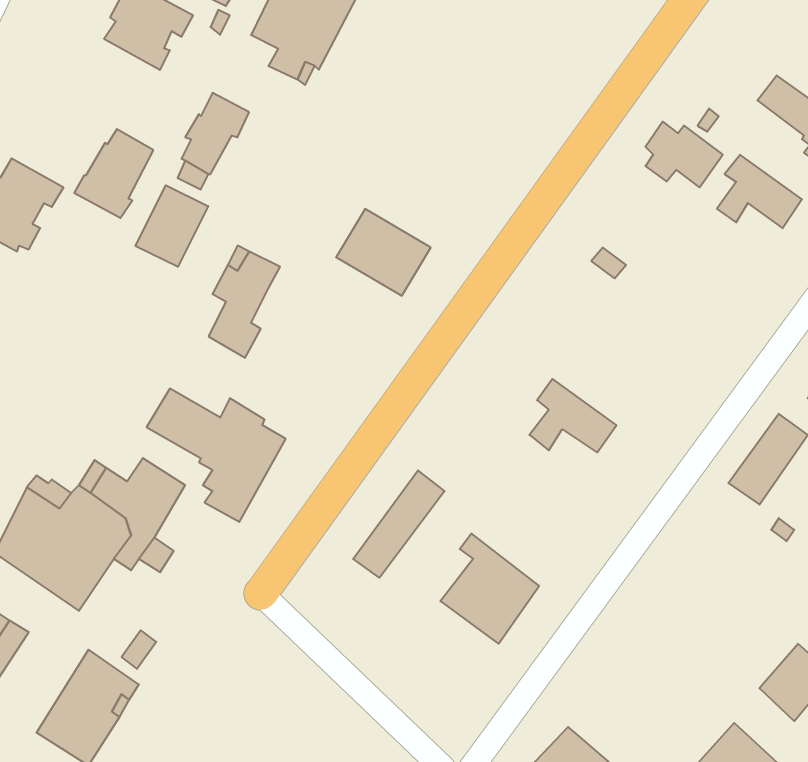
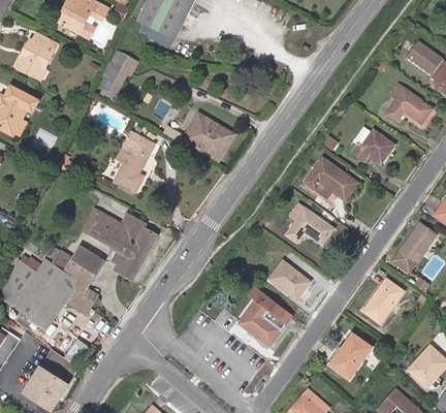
building: [645,122,723,187] -> [352,126,393,161]
building: [74,129,153,218] -> [13,32,56,80]
building: [135,185,208,267] -> none
building: none -> [305,157,356,198]
building: [353,470,445,578] -> none
building: none -> [269,260,309,298]
building: none -> [363,278,403,322]
building: none -> [330,336,371,378]

